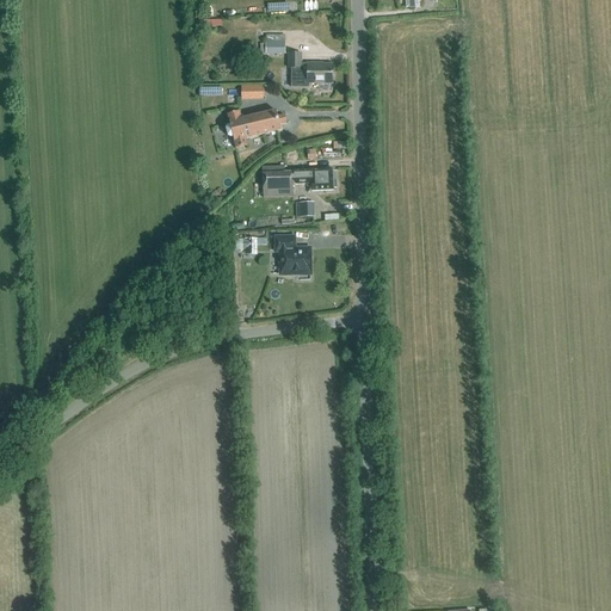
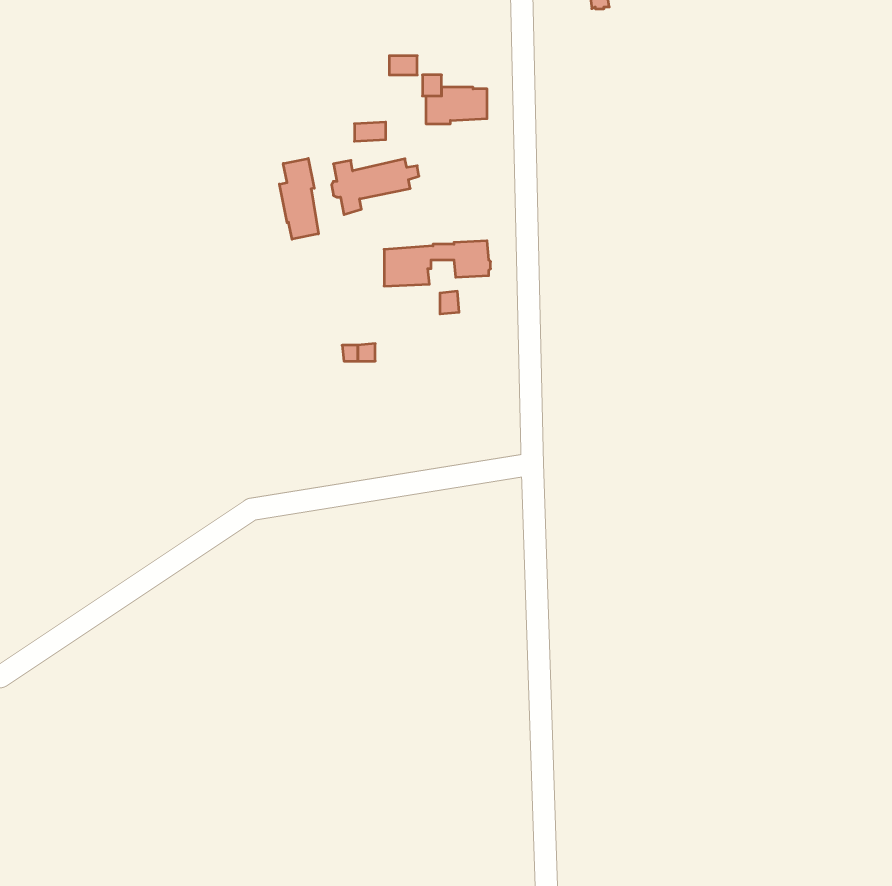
building: none -> [279,158,318,239]
building: [273,235,308,272] -> none

